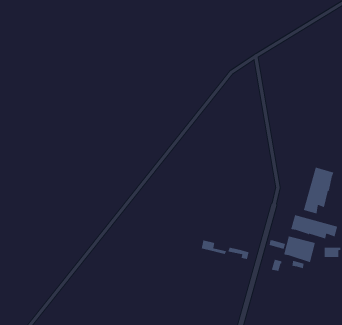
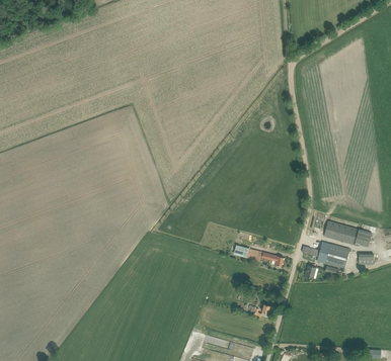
building: [303,167,334,215] -> none

